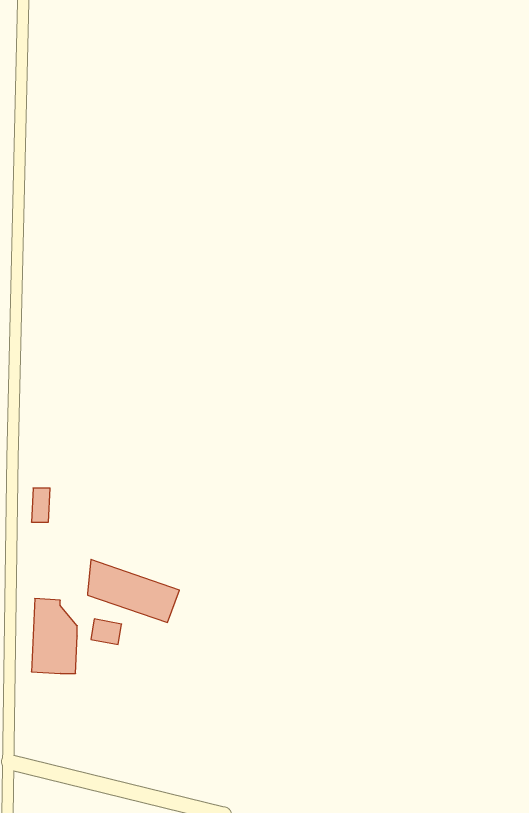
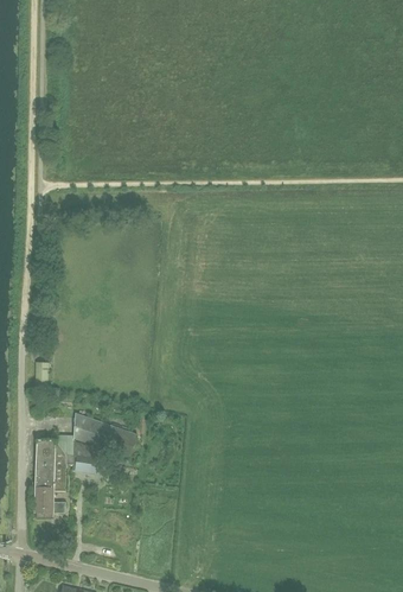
building: none -> [32,490,64,518]

